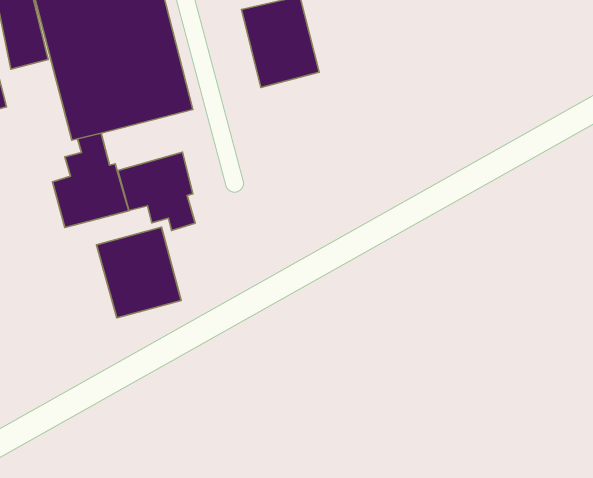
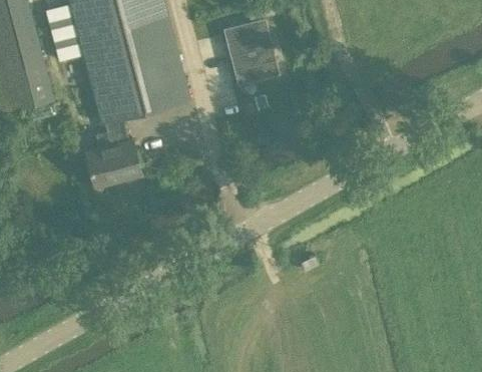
building: [118,152,195,230] -> none
building: [96,227,181,318] -> none

